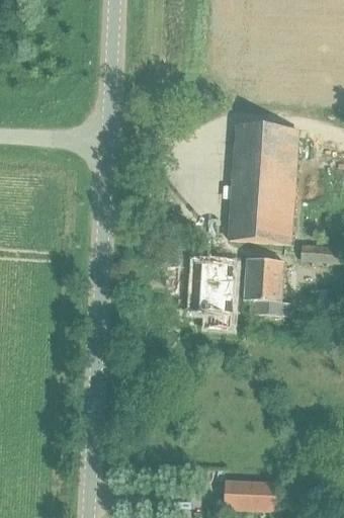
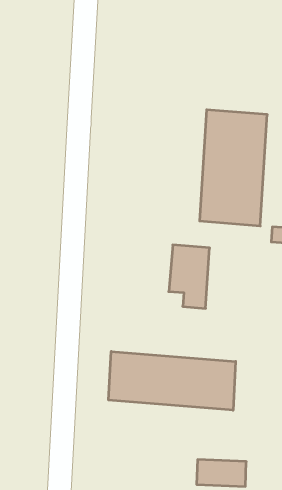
building: [245,257,284,314] -> none
building: none -> [109,351,236,410]

